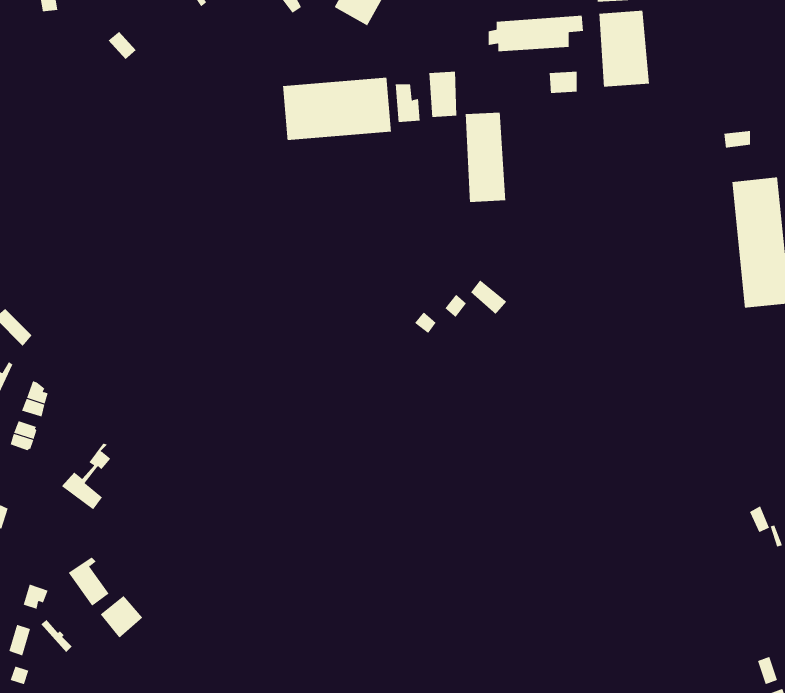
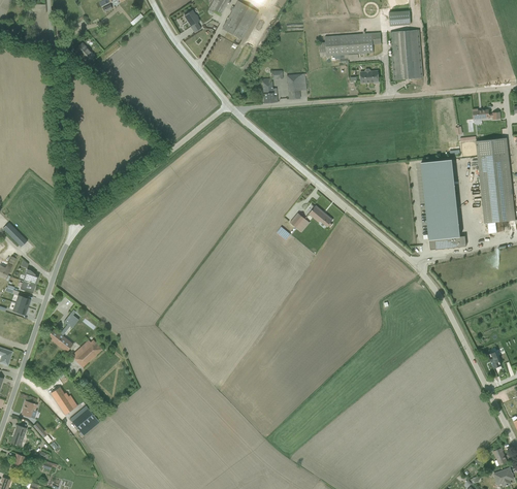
building: [283,77,391,141] -> none
building: [465,112,506,203] -> none
building: none -> [419,157,466,250]
building: none -> [71,338,102,367]

